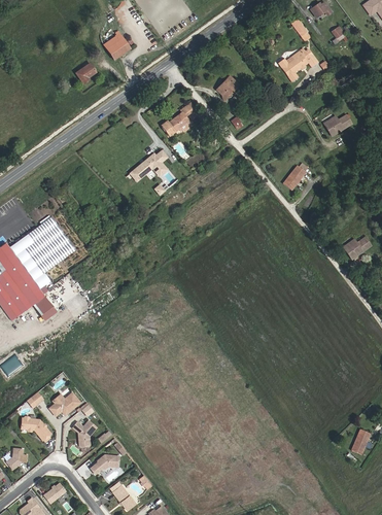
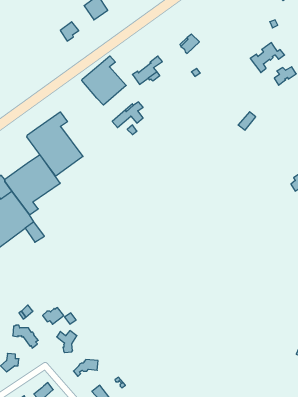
building: [278,46,318,81] -> [250,43,285,73]
building: none -> [82,56,126,105]
building: none -> [27,112,83,176]

